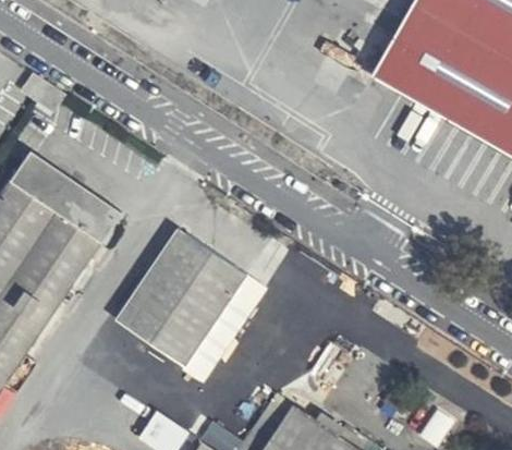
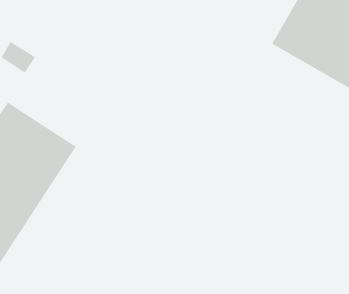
building: [115,220,271,380] -> none

